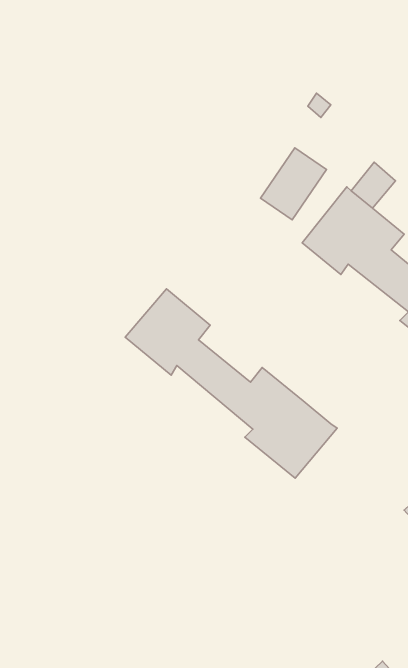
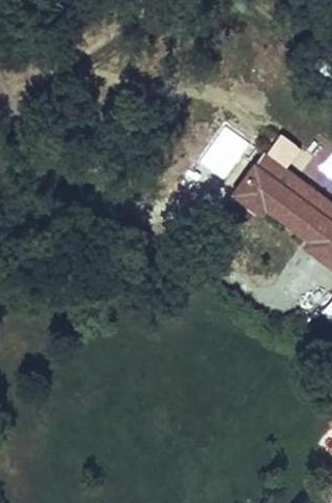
building: [125,289,337,478] -> none

